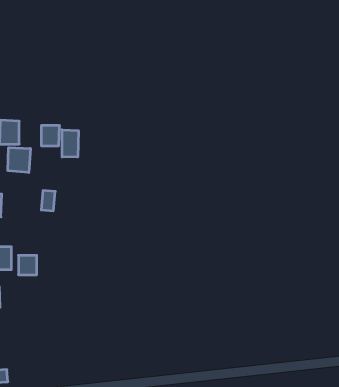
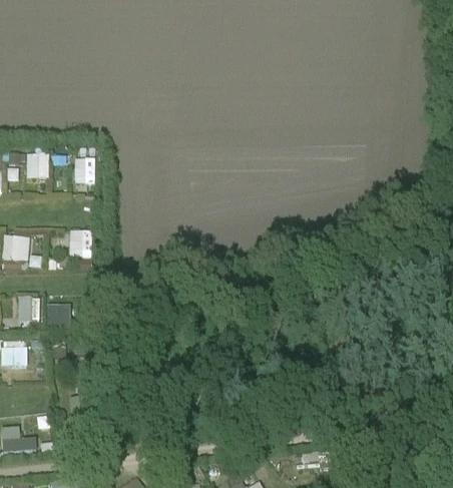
building: [62,130,78,157] -> none
building: [8,148,30,173] -> none

